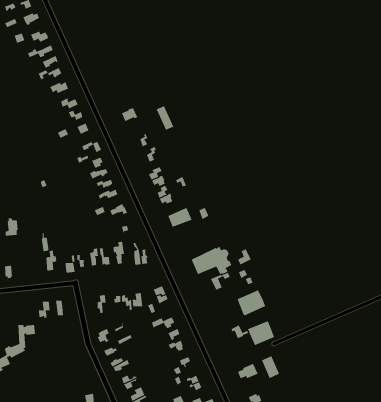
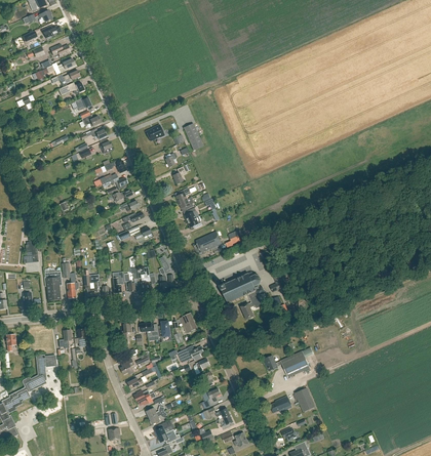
building: none -> [43,267,61,300]
building: [237,290,266,317] -> none

